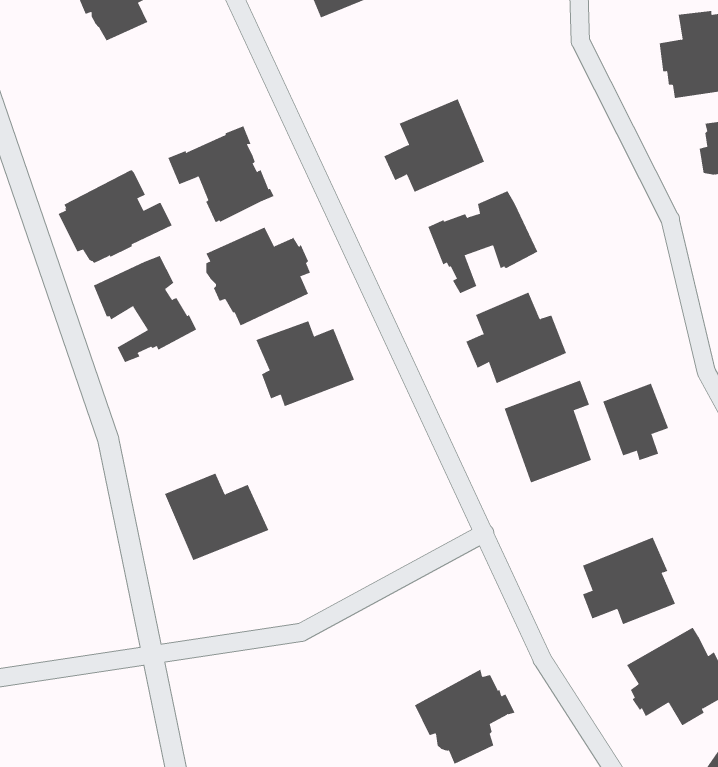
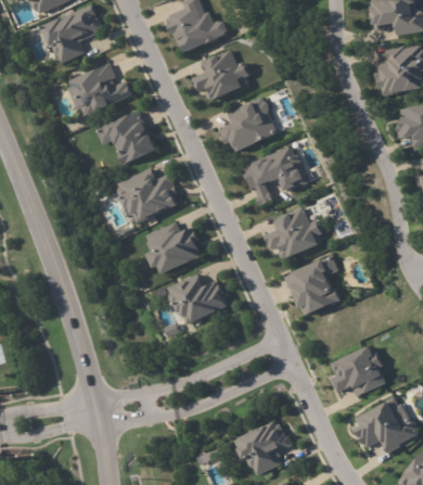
building: none -> [194,50,249,102]
building: [58,170,173,264] -> [67,64,132,117]
building: [93,255,197,363] -> none
building: [603,383,669,461] -> none
building: [164,473,269,561] -> [168,273,228,323]

